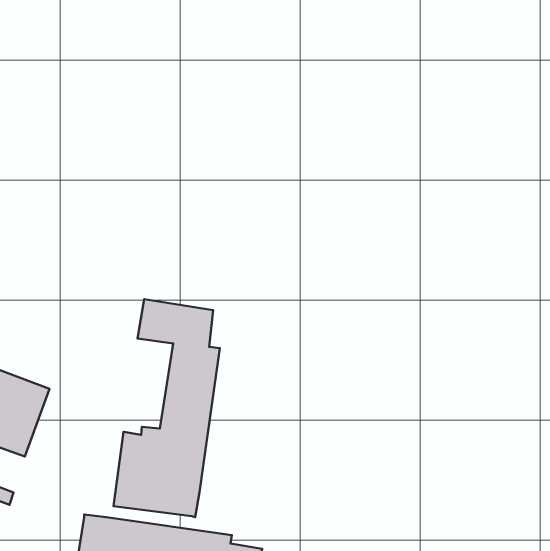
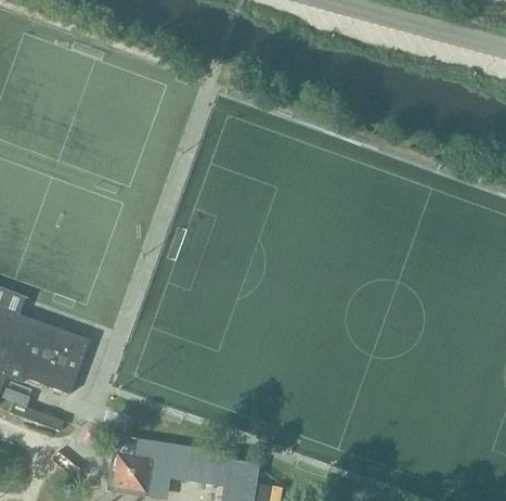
building: [113,299,220,517] -> none

